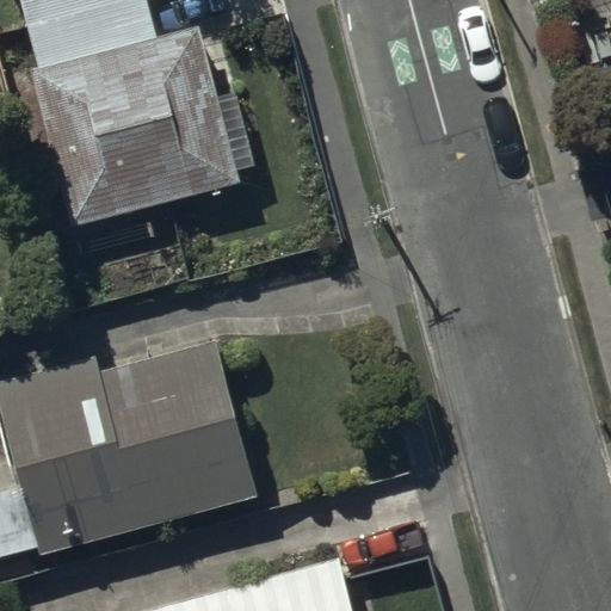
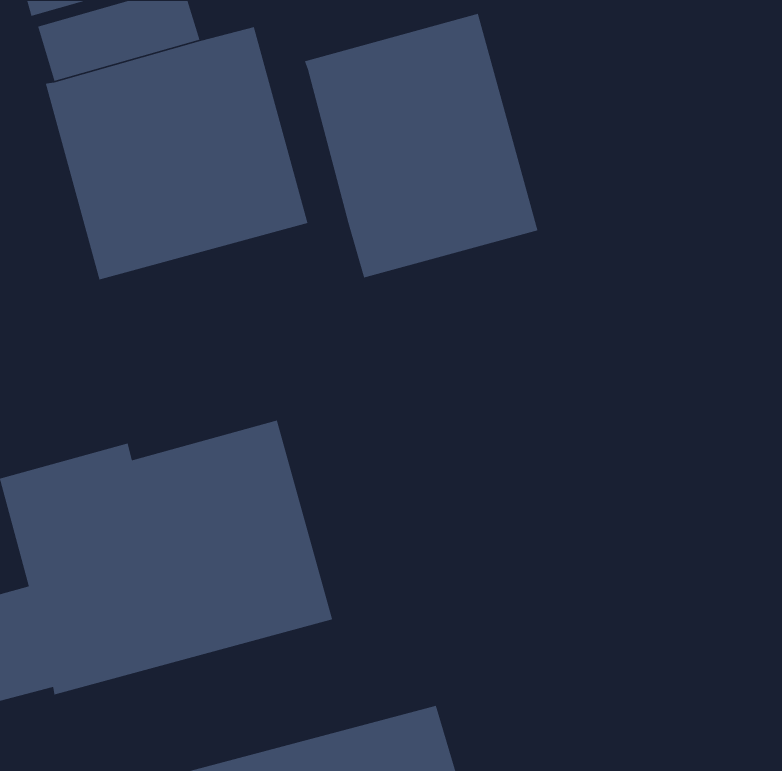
building: none -> [304,13,538,279]

